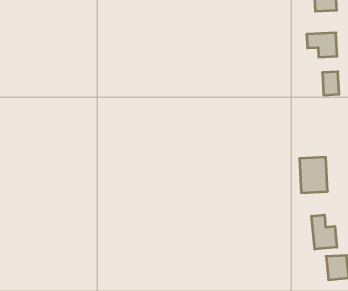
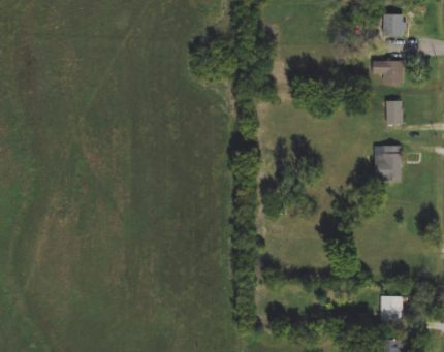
building: [299,157,328,193] -> [374,146,402,182]
building: [312,215,337,249] -> none

